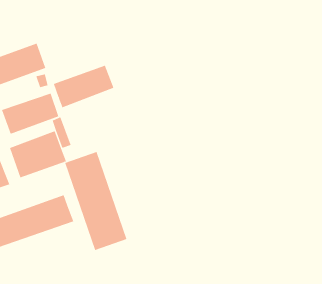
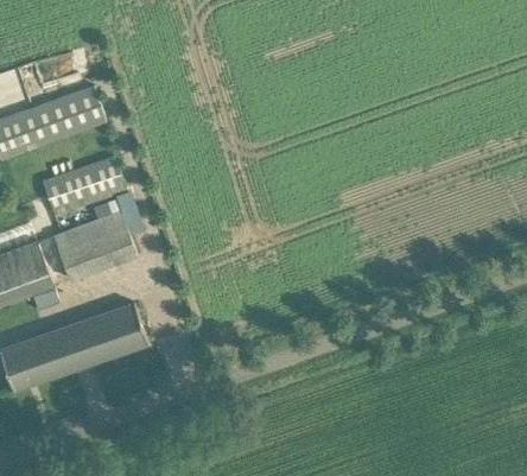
building: [53,65,114,108] -> none
building: [64,151,127,251] -> none

